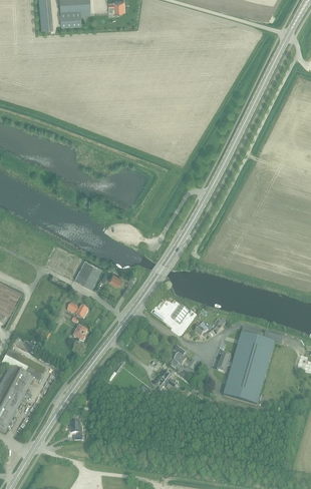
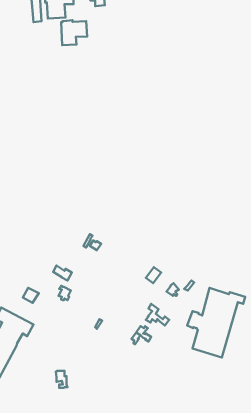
building: none -> [61,20,87,45]
building: [73,260,100,289] -> none

